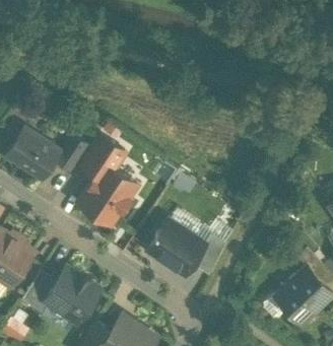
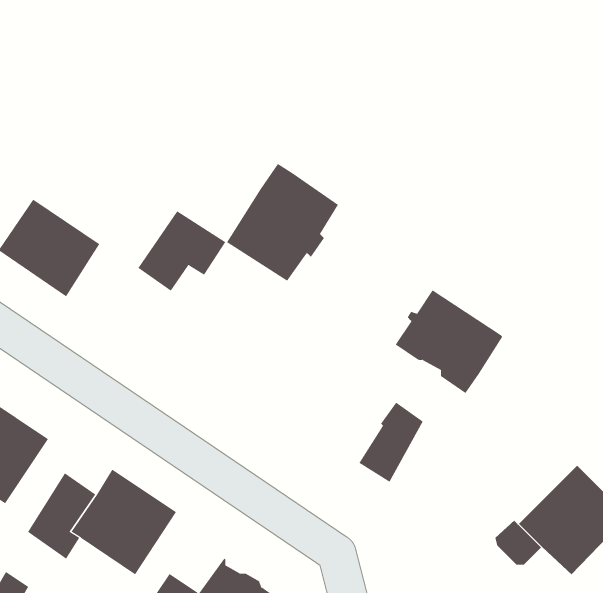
building: [55,135,87,169] -> none
building: [79,162,137,223] -> [226,163,339,282]
building: [149,220,205,274] -> [395,289,503,394]

